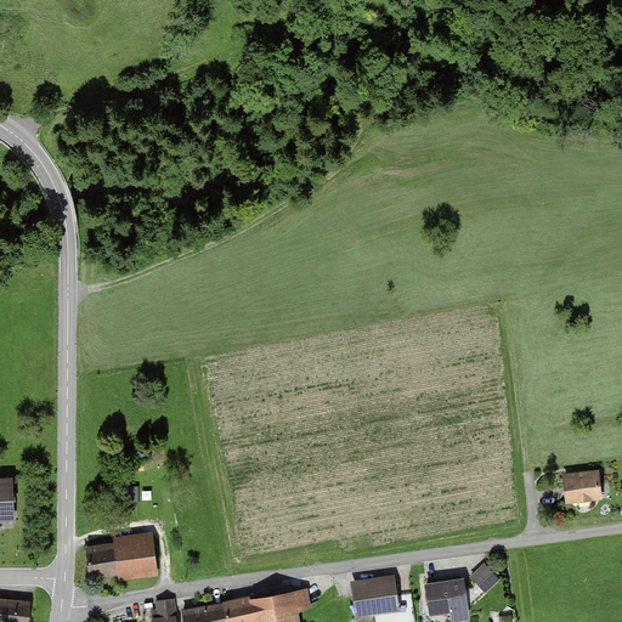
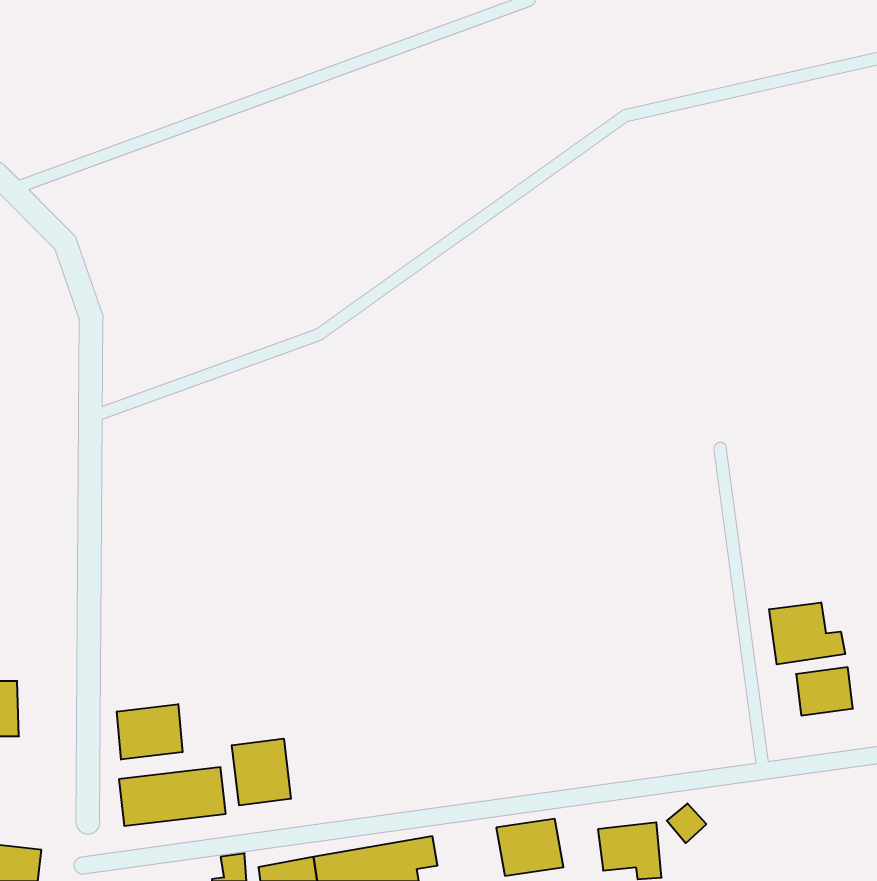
building: none -> [769,602,845,664]
building: none -> [117,704,182,760]
building: none -> [232,739,291,805]

